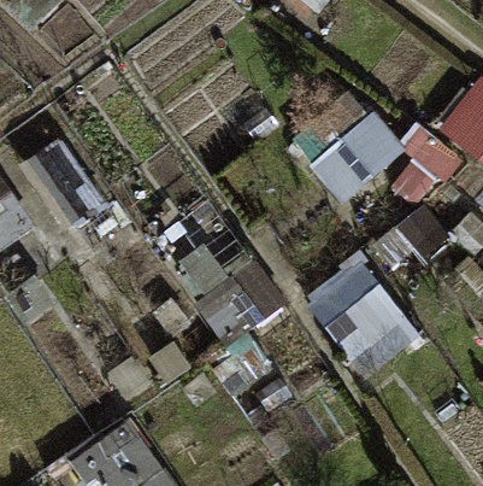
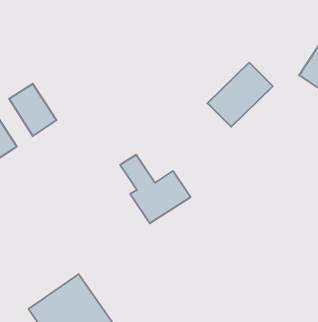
building: [306,260,423,381] -> none

